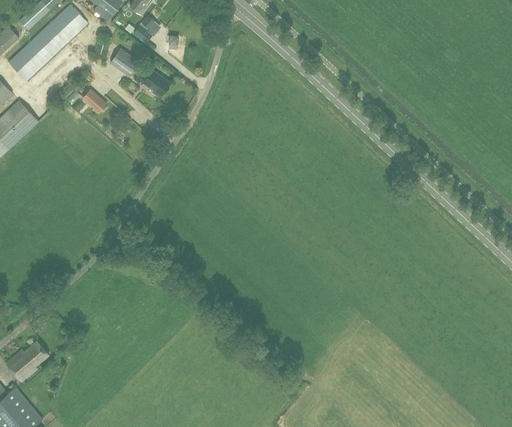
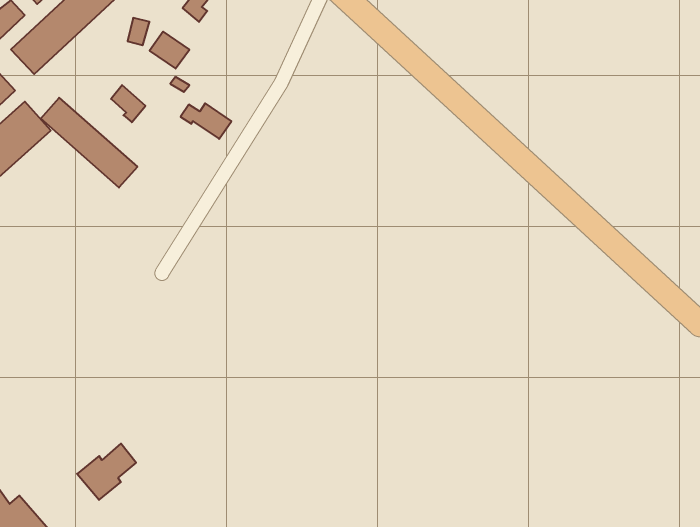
building: [133,69,170,95] -> [181,103,231,139]
building: none -> [41,98,137,188]
building: [5,340,48,381] -> [77,444,136,500]

